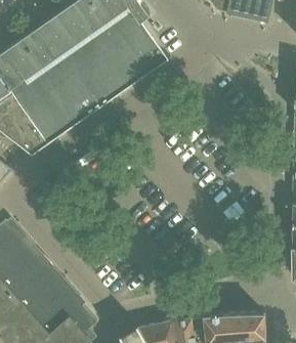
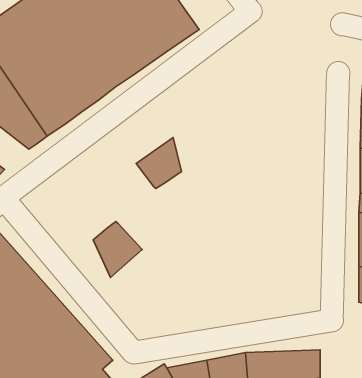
building: none -> [136,138,182,189]
building: none -> [93,222,142,278]

